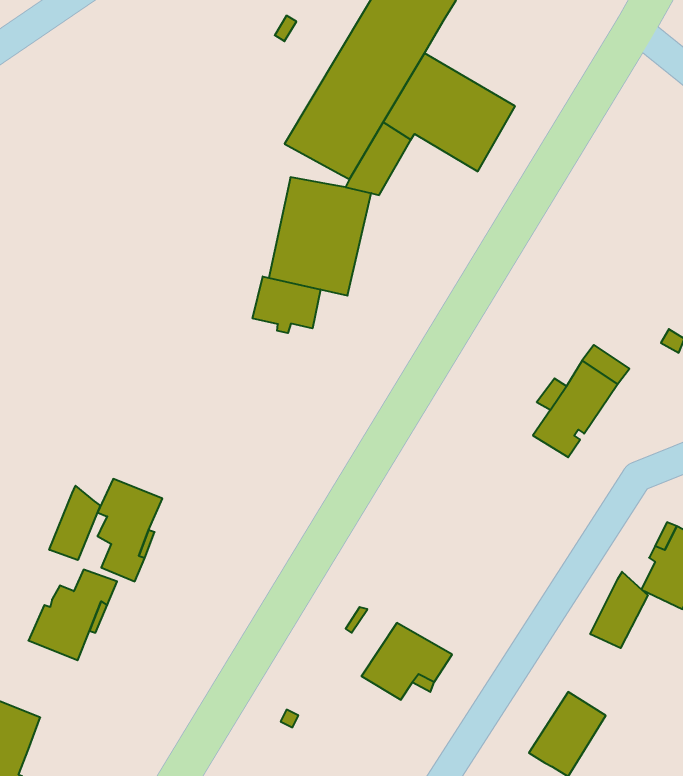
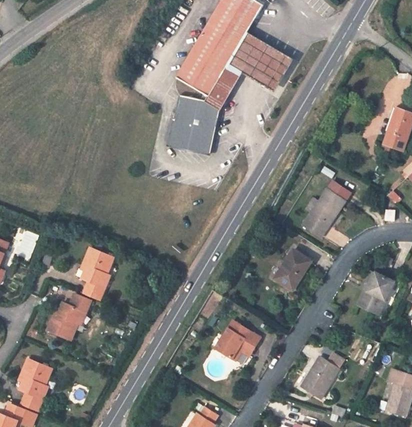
building: [253,276,320,333] -> none
building: none -> [274,249,311,290]
building: [49,486,100,560] -> none
building: [590,572,648,648] -> none

